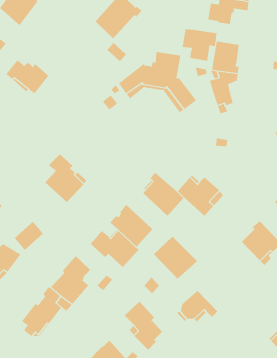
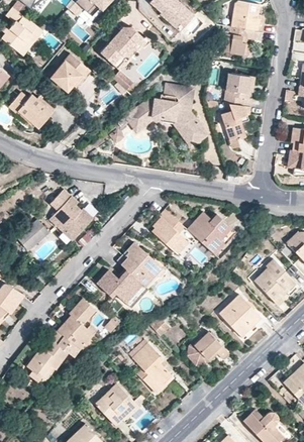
building: none -> [49,53,89,92]
building: [182,29,217,62] -> none
building: [14,221,44,251] -> [17,220,48,251]
building: [153,236,198,279] -> [218,295,265,340]

